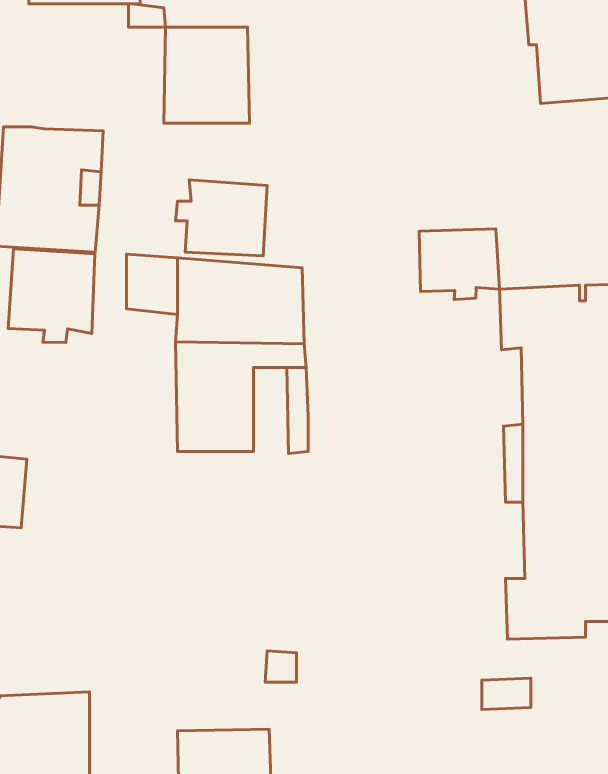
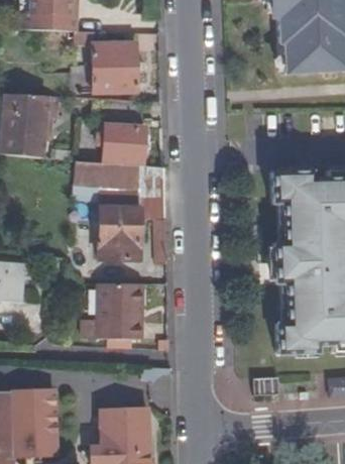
building: [419,229,500,299] -> none
building: [8,249,95,343] -> none
building: none -> [91,282,146,339]

